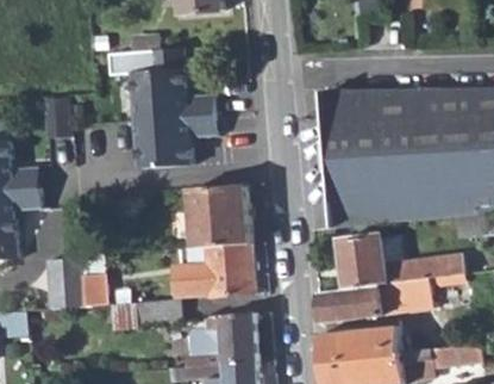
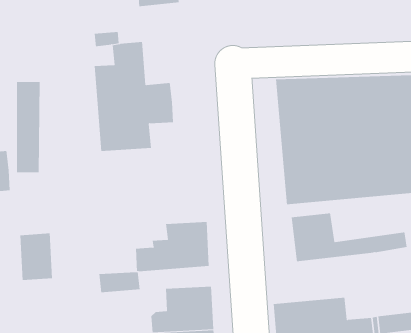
building: [190,187,250,248] -> none
building: [315,279,434,322] -> none

